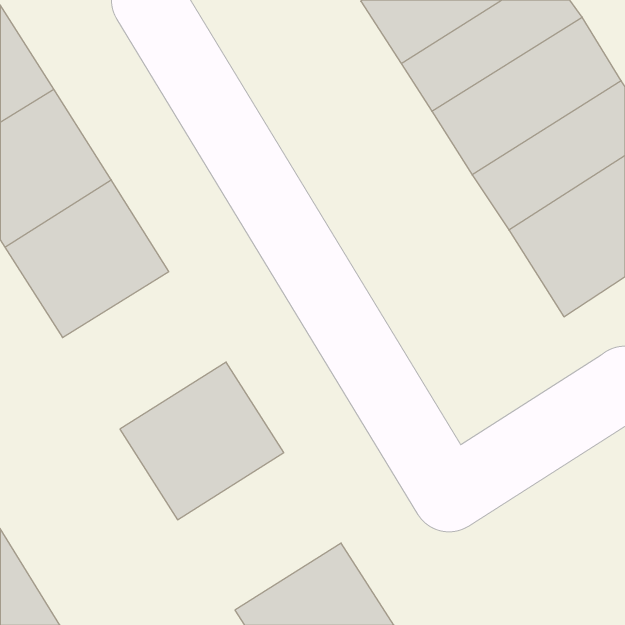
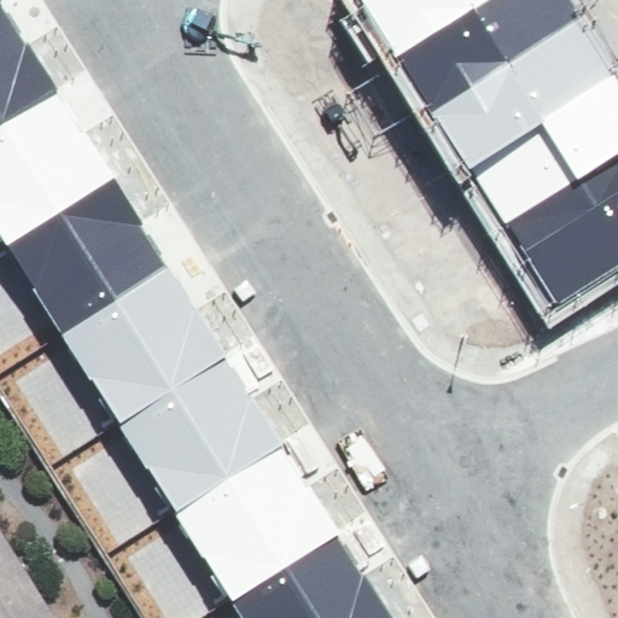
building: none -> [62,268,223,424]
building: none -> [175,447,337,602]

